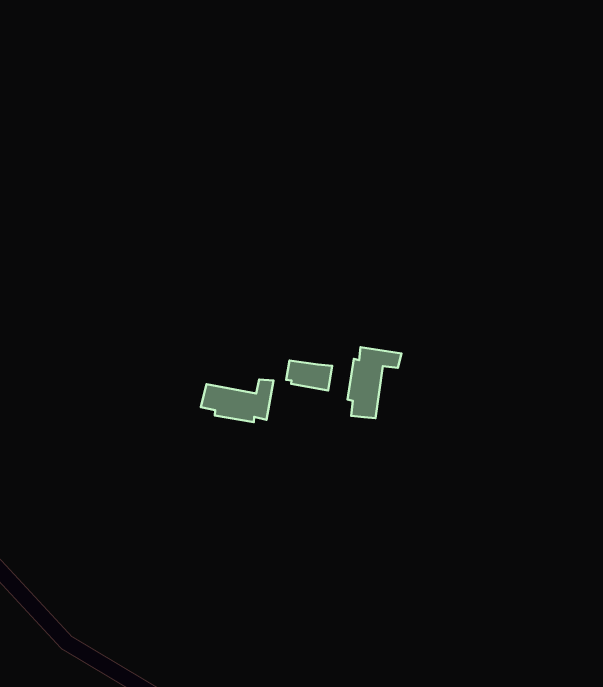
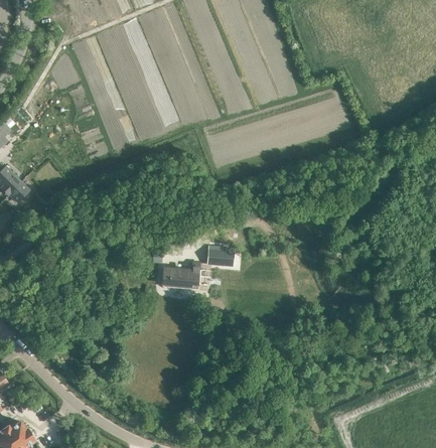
building: [347,347,401,418] -> none

